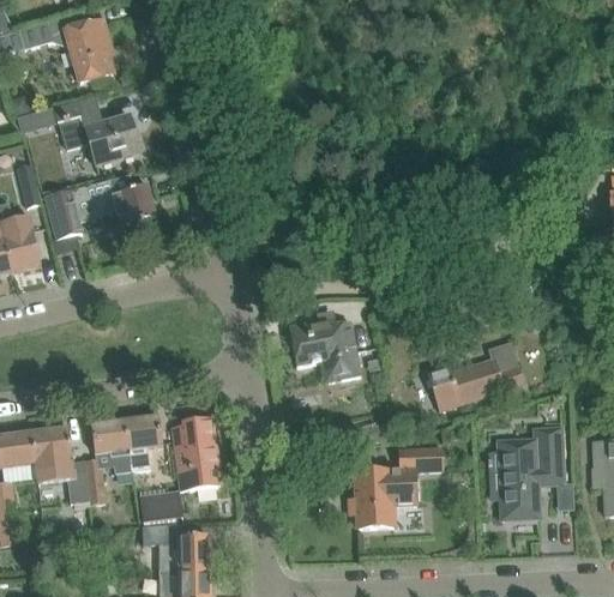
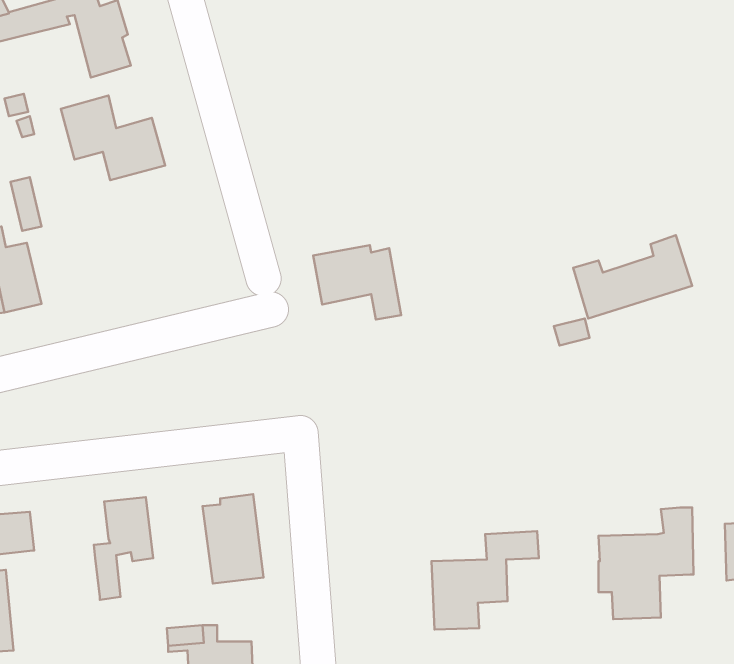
building: [46,174,156,239] -> none
building: [289,318,360,378] -> [313,245,401,319]
building: [427,342,523,409] -> [573,235,692,318]
building: [125,415,163,469] -> none
building: [31,427,88,502] -> none
building: [139,490,182,521] -> none

